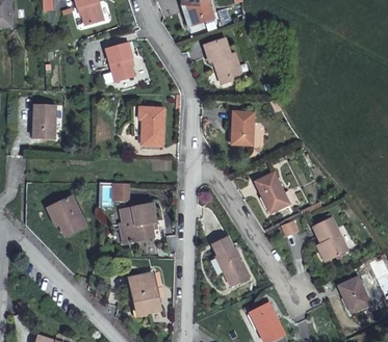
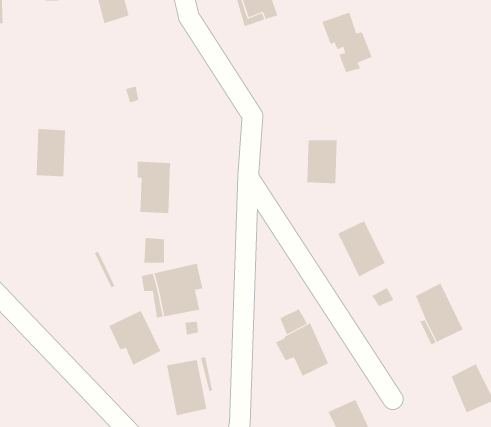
building: [203,38,240,83] -> [322,12,372,73]
building: [105,42,135,82] -> none
building: [139,106,164,144] -> [137,161,171,214]
building: [49,195,87,236] -> [109,310,161,365]

